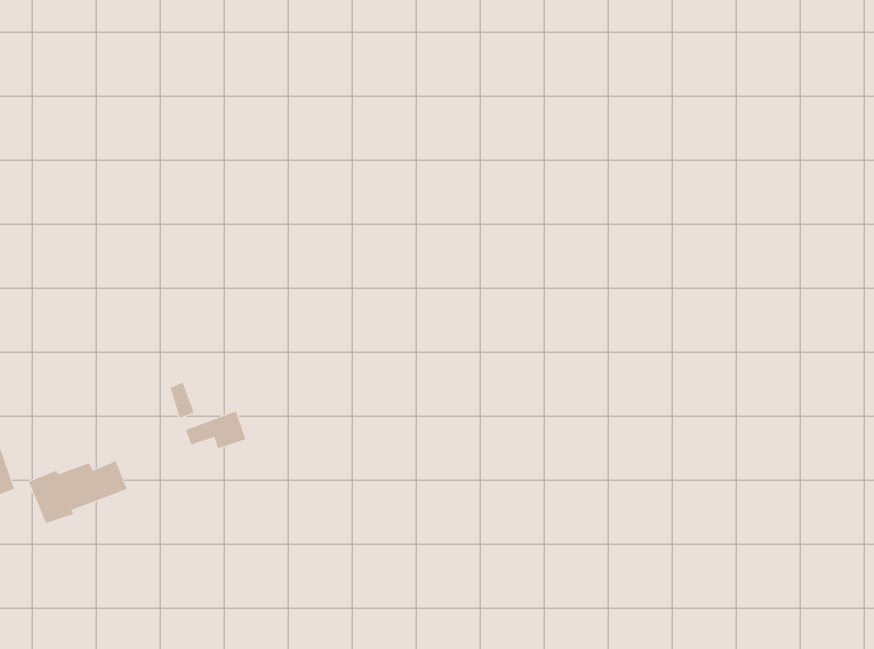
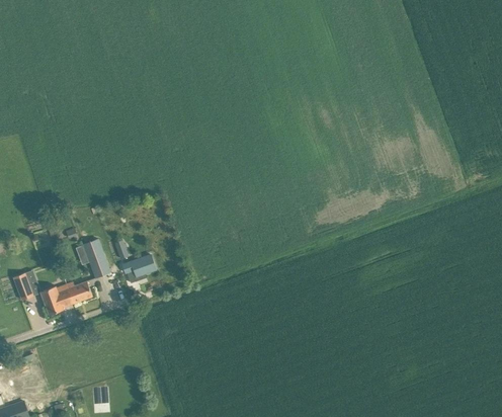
building: none -> [82,239,110,279]

